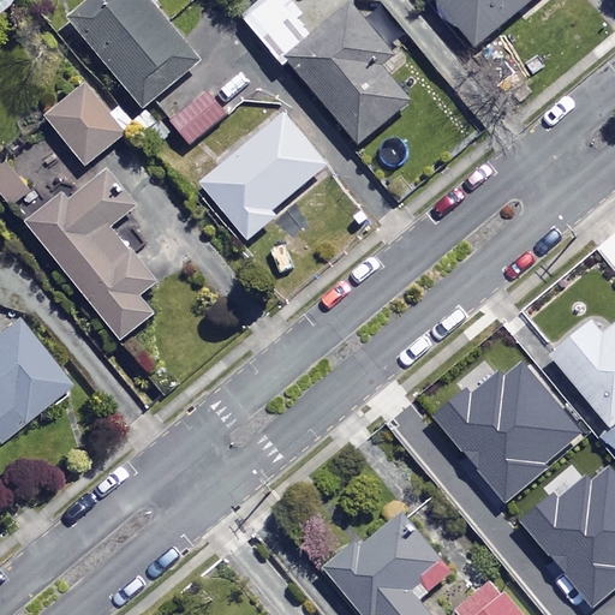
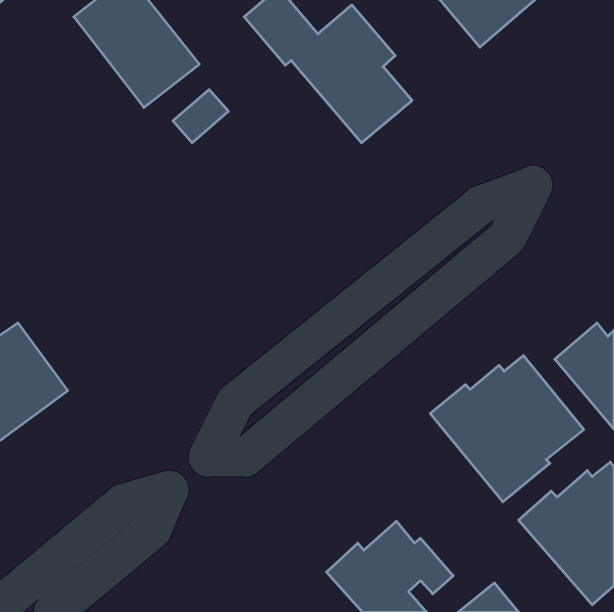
building: [49,86,126,166] -> none
building: [202,115,324,239] -> none
building: [32,171,154,339] -> none

